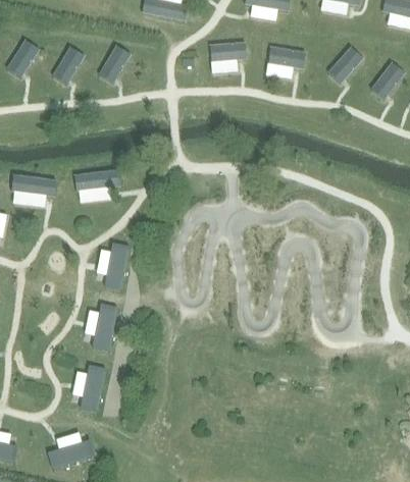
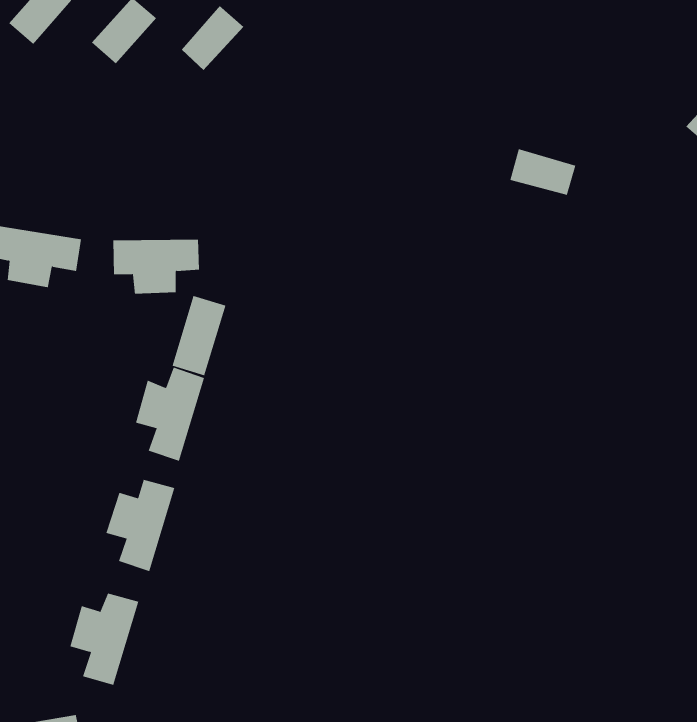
building: [212,42,246,60] -> none
building: [329,46,363,83] -> none
building: [266,49,301,71] -> [509,148,576,195]
building: none -> [172,295,226,376]

